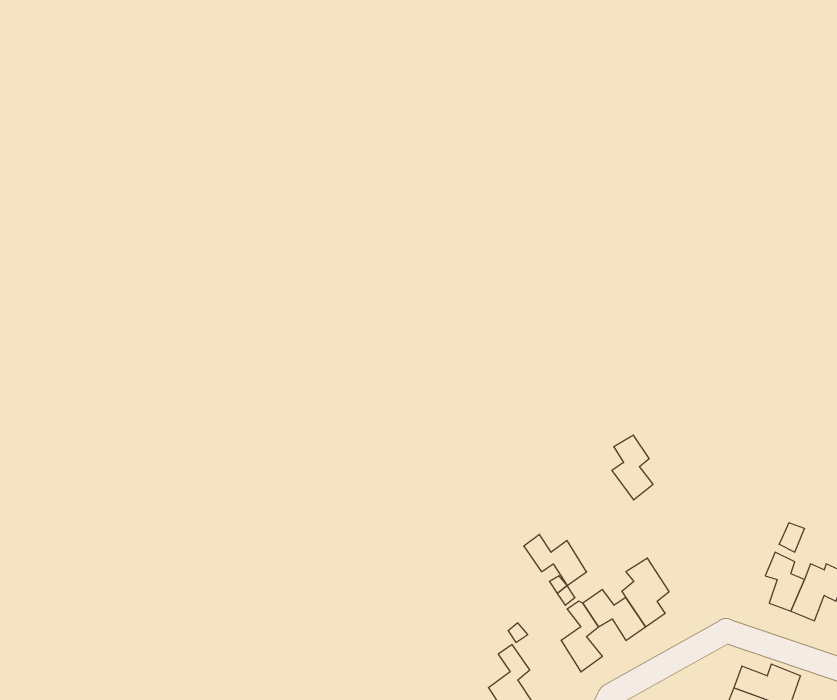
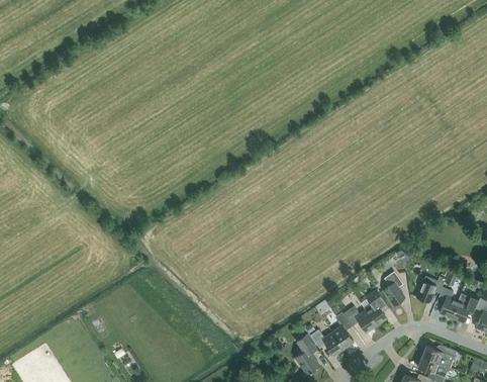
building: [612,435,653,500] -> [383,272,404,305]
building: none -> [416,276,445,302]
building: [524,534,587,586] -> [310,329,343,356]

